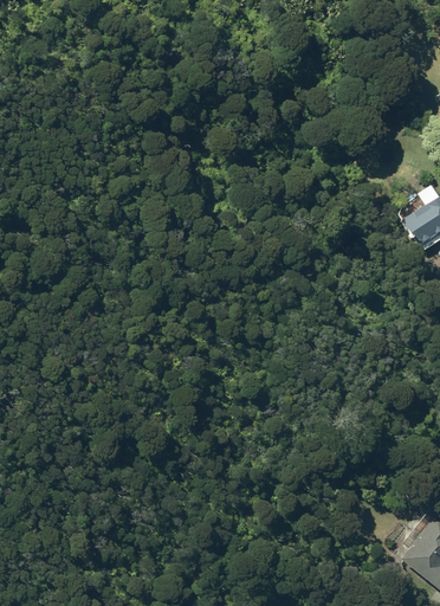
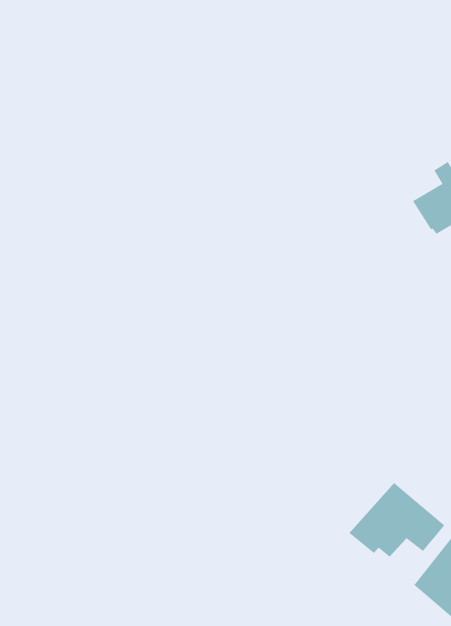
building: none -> [348,482,445,558]

